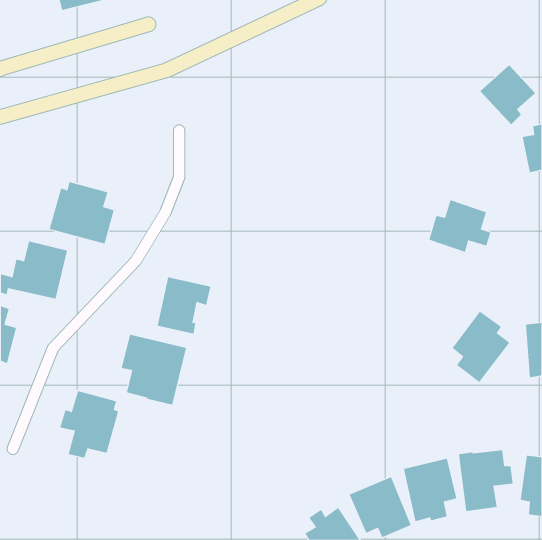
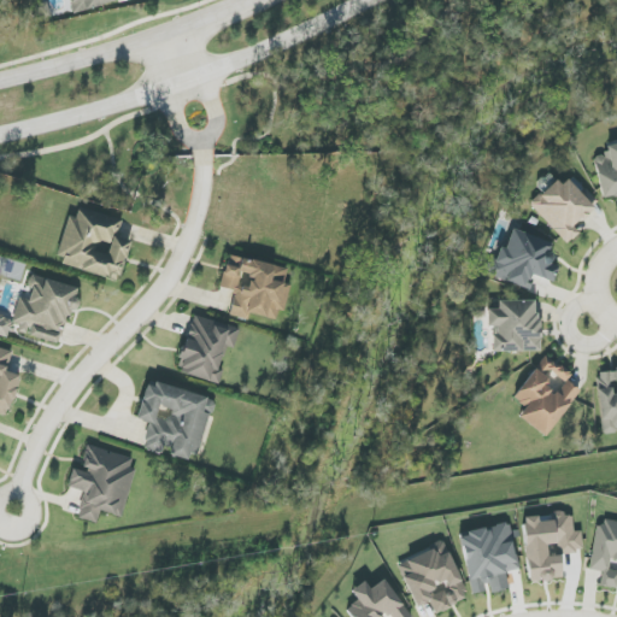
building: [479,65,536,125] -> [530,174,594,242]
building: none -> [221,253,288,318]
building: none -> [487,298,539,349]

